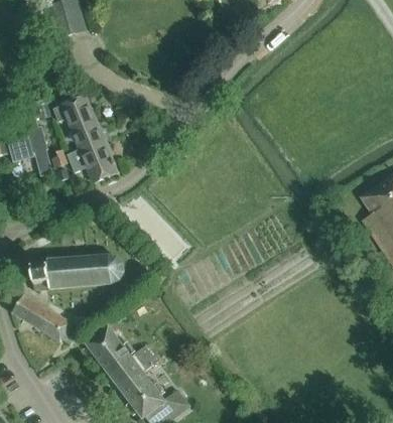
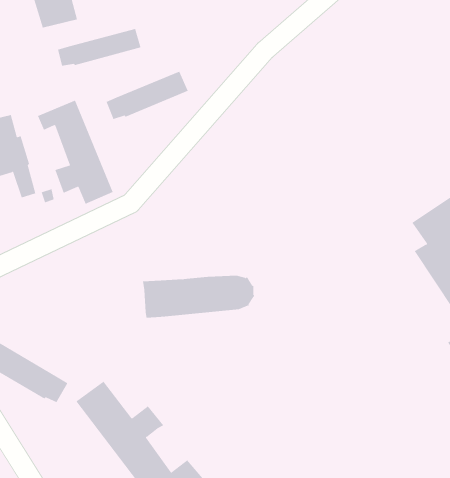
building: none -> [58,28,141,67]
building: none -> [106,71,189,120]
building: [31,255,124,290] -> [142,275,255,318]

